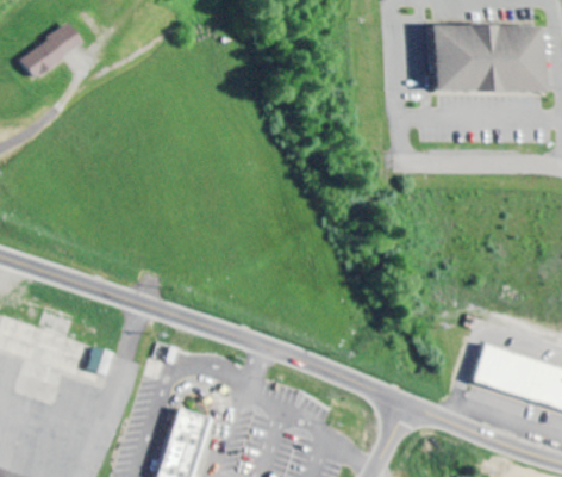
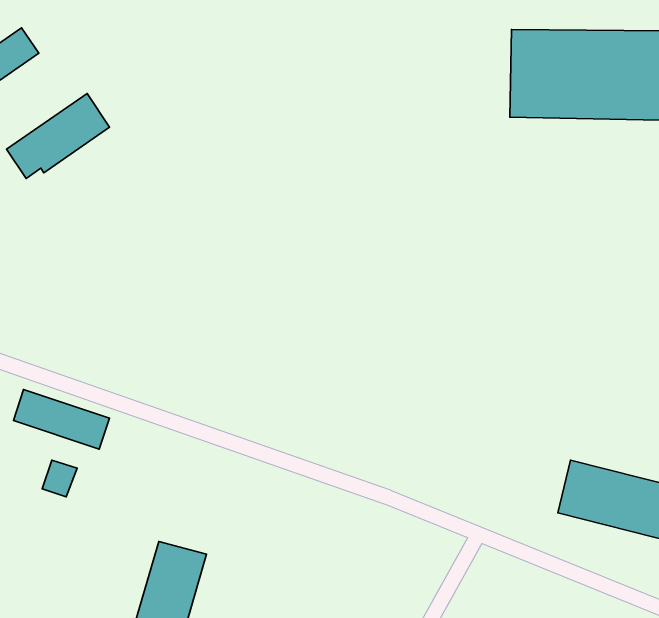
building: none -> [7,94,110,178]
building: none -> [13,389,109,449]

